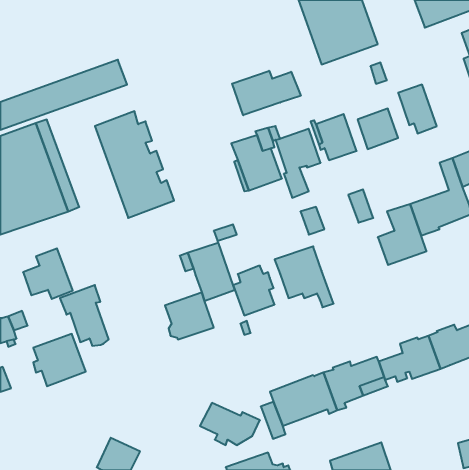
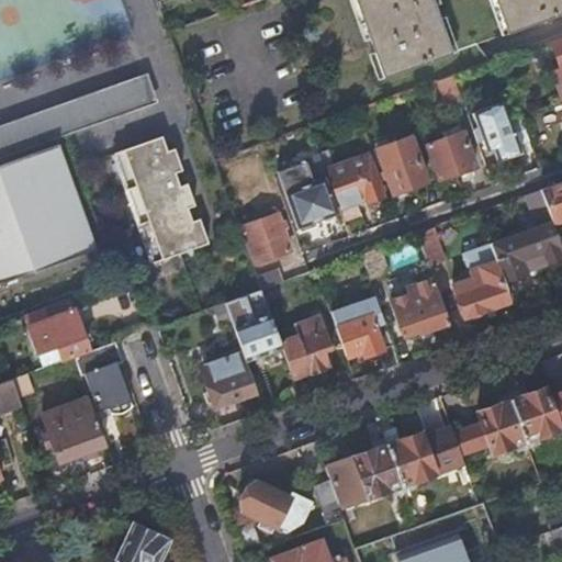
building: [232,71,301,115] -> none
building: none -> [244,214,291,262]
building: none -> [393,278,449,335]

